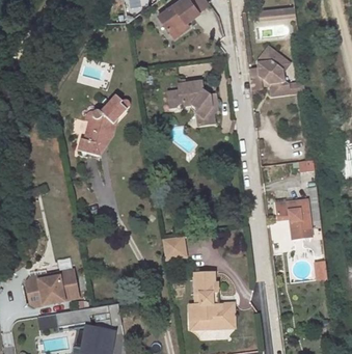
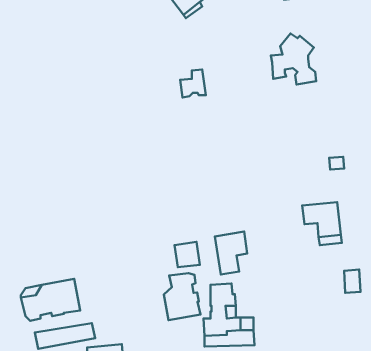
building: [187,81,217,124] -> none
building: [77,96,129,156] -> none
building: none -> [215,232,247,274]
building: none -> [164,273,201,320]

